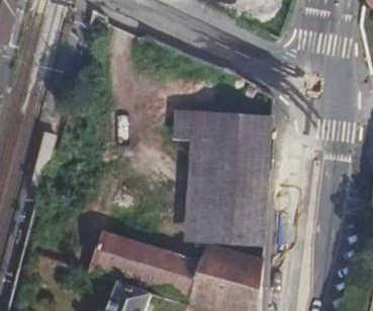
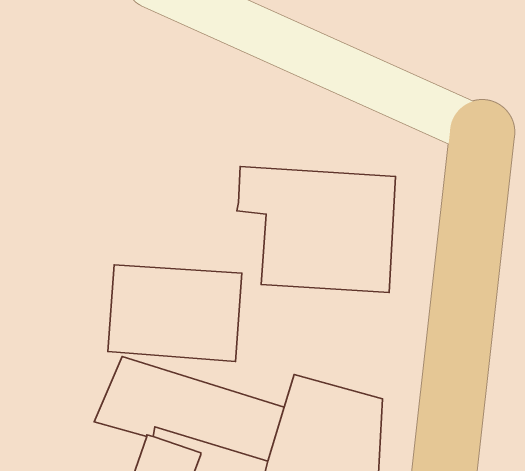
building: [183,185,266,245] -> [108,265,242,361]

